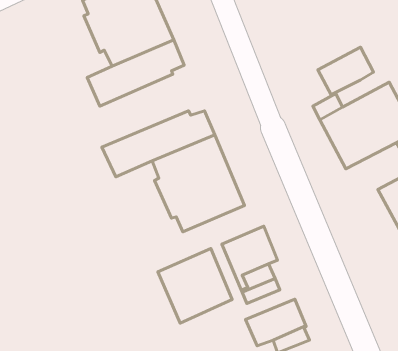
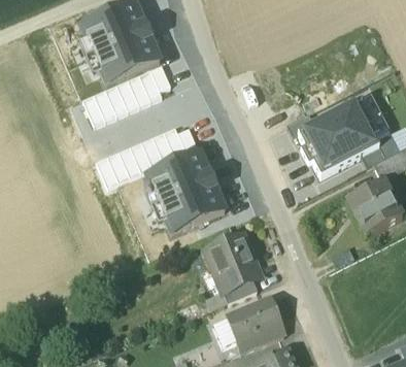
building: [318,47,373,96] -> none
building: [158,249,232,323] -> none

